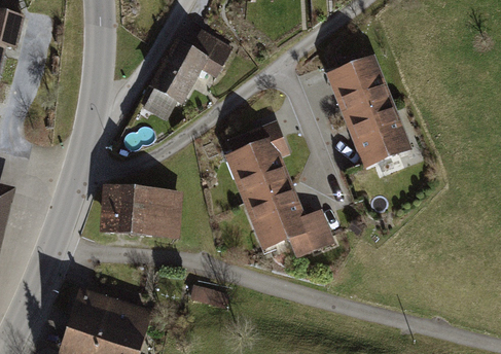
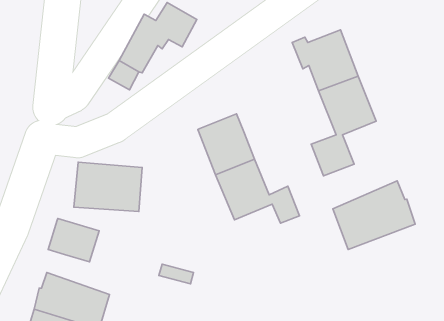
building: [228,121,290,158] -> none
building: none -> [333,181,415,249]
building: none -> [48,218,99,262]

